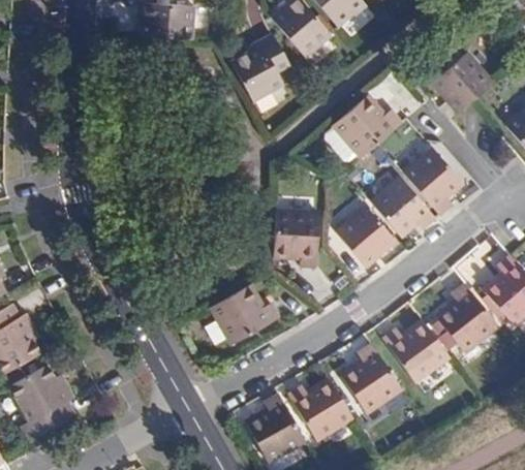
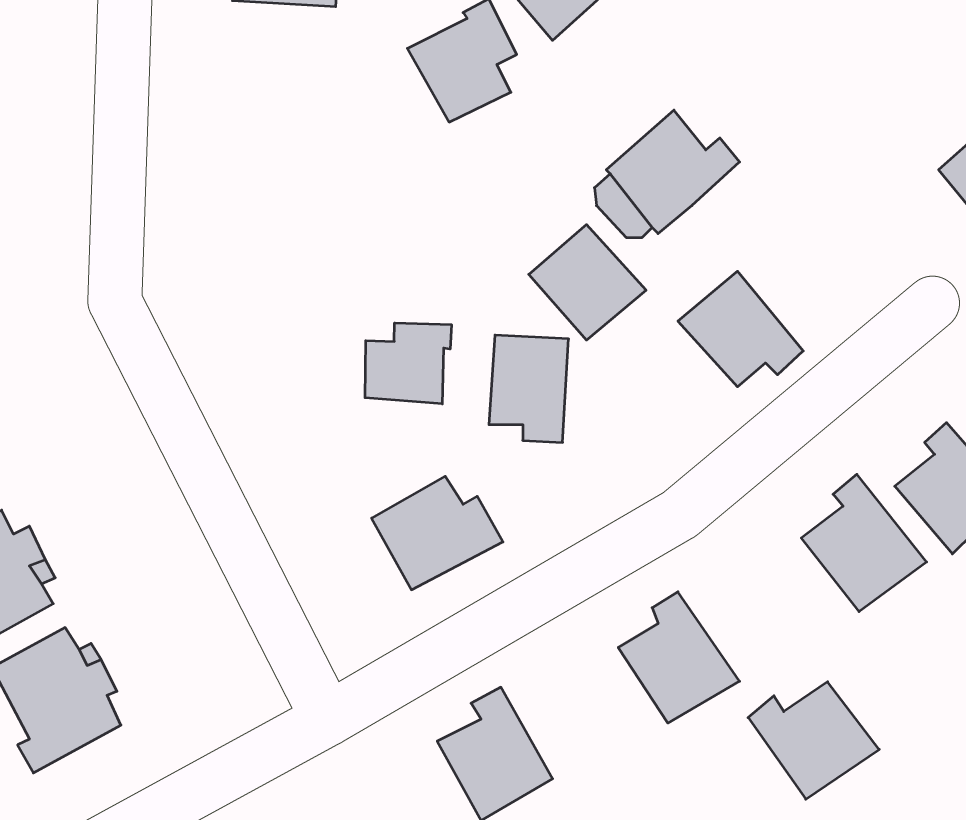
building: [433,52,493,113] -> none
building: [405,150,463,216] -> none
building: none -> [365,323,451,404]
building: [337,207,398,267] -> [529,225,646,340]
building: [384,321,453,382] -> [748,682,879,799]
building: [288,378,354,441] -> none

